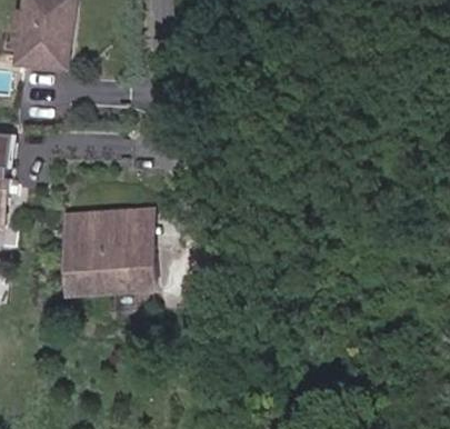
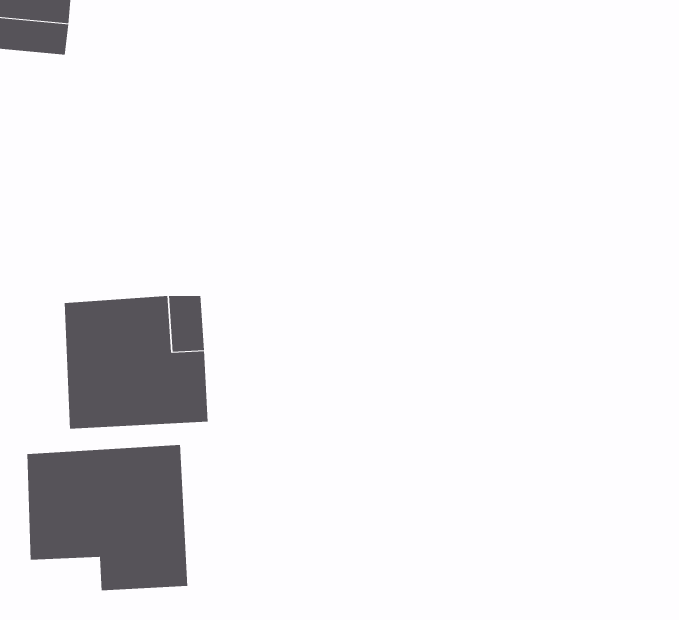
building: none -> [27,444,188,591]

